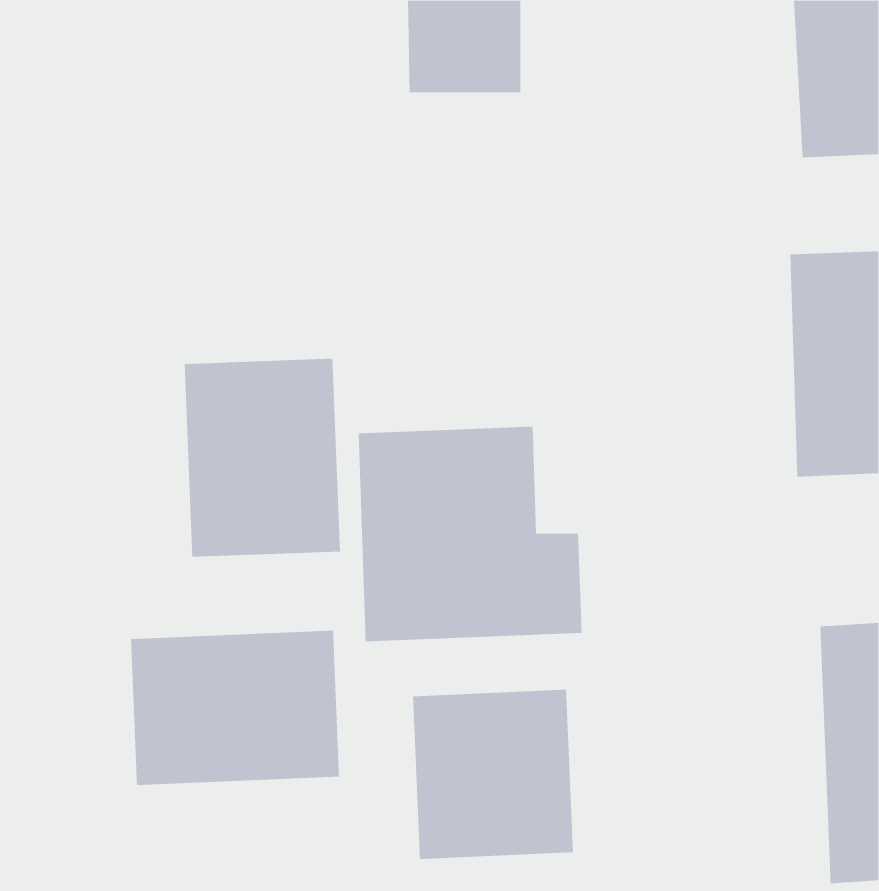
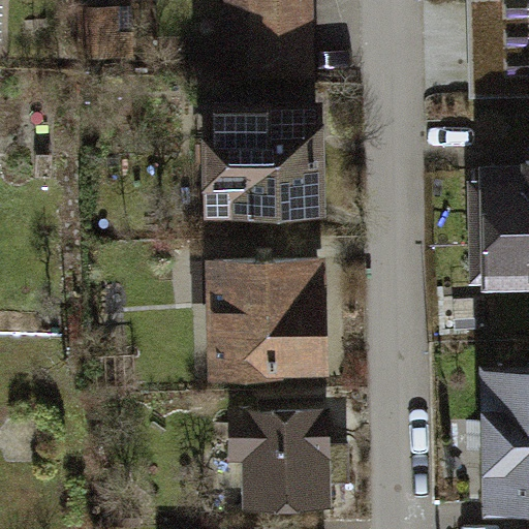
building: none -> [206,92,338,221]
building: [184,358,341,558] -> none
building: [131,630,339,786] -> none

